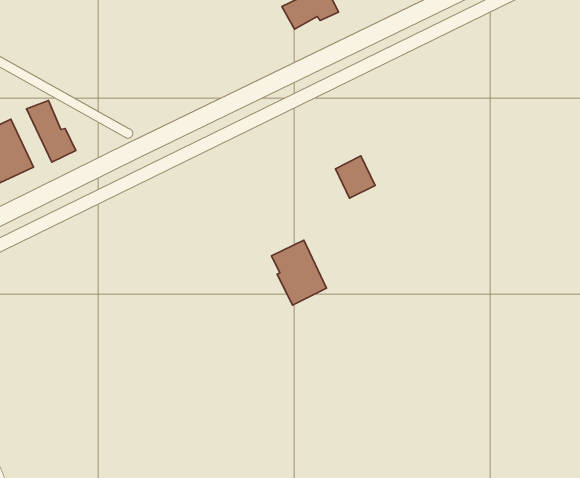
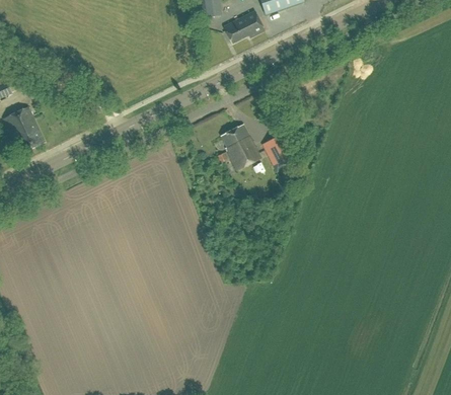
building: [27,101,76,162] -> none
building: [271,240,326,305] -> [221,124,260,170]

